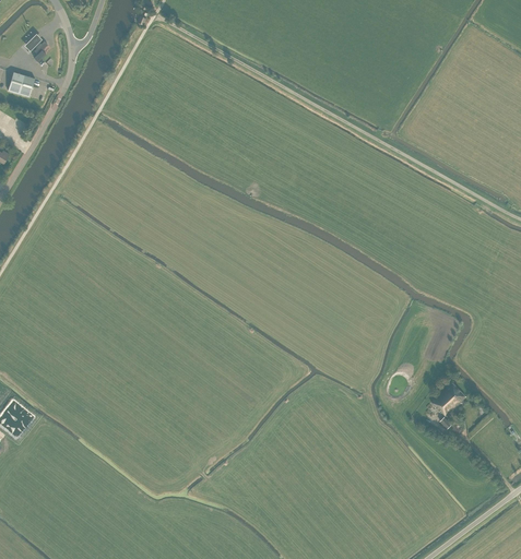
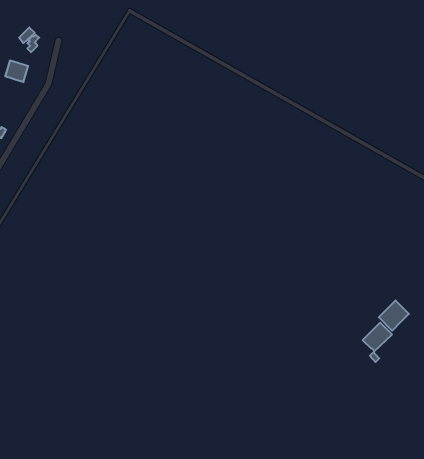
building: none -> [379,300,409,331]

